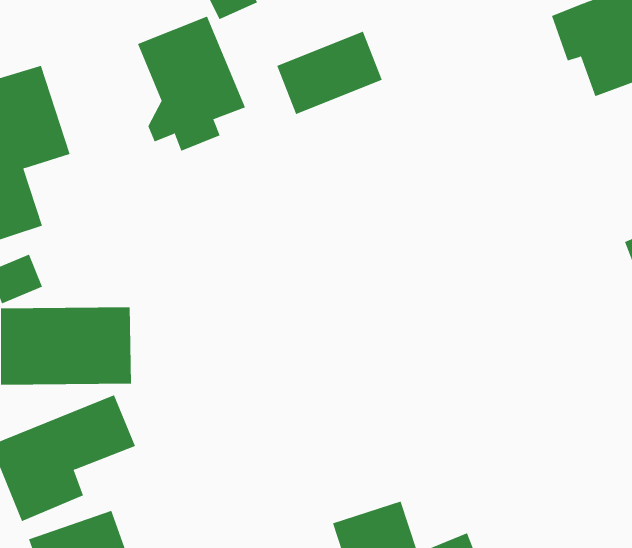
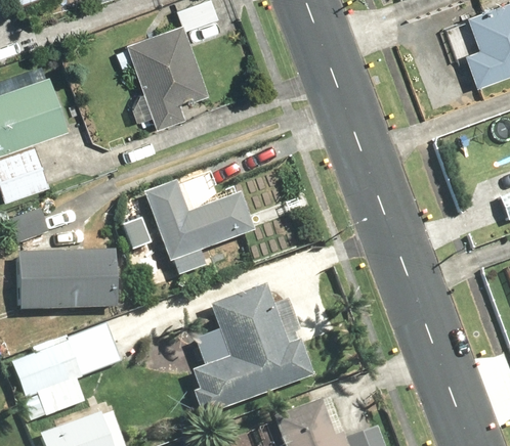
building: [276,31,382,115] -> none
building: none -> [123,176,258,277]
building: none -> [189,283,316,416]

